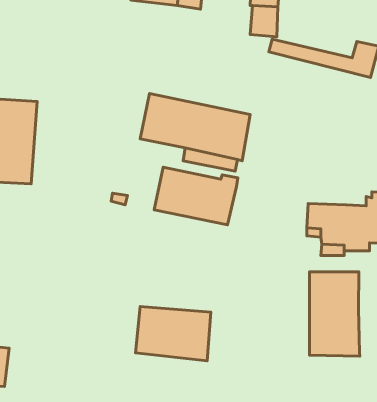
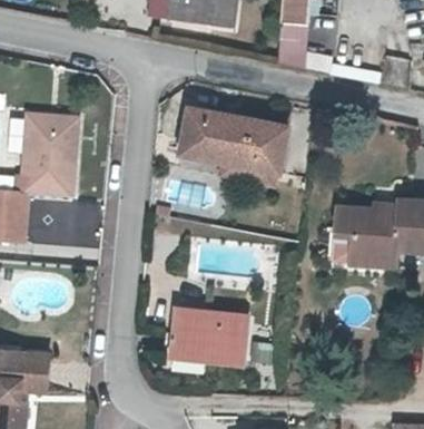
building: [154,167,238,225] -> none
building: [310,272,360,356] -> none

